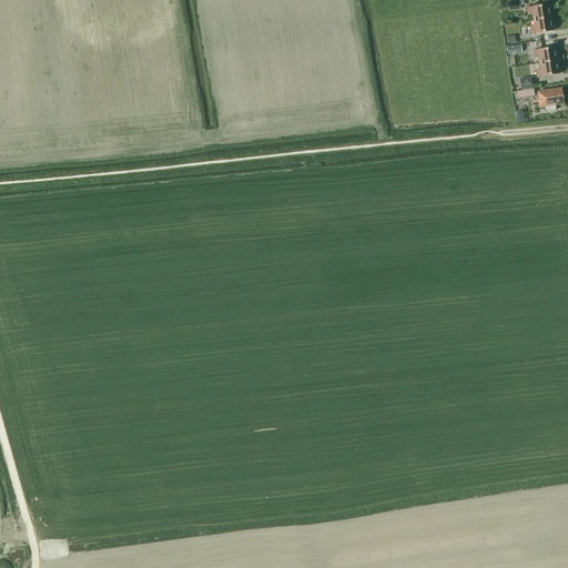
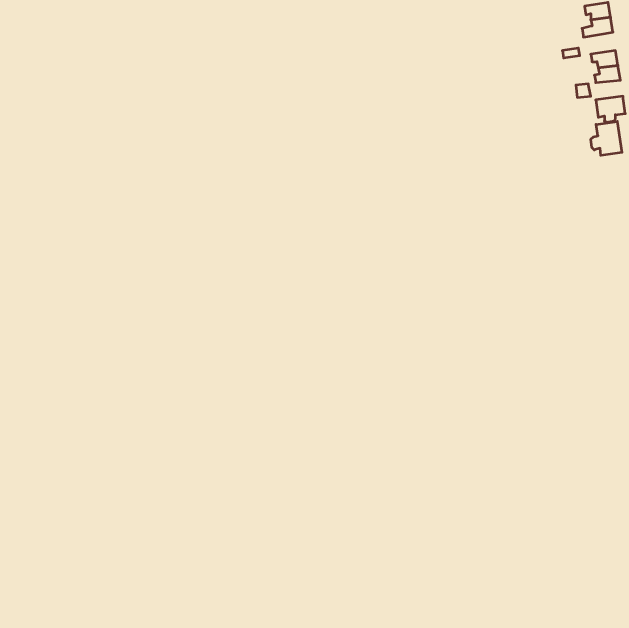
building: none -> [591,121,622,155]

